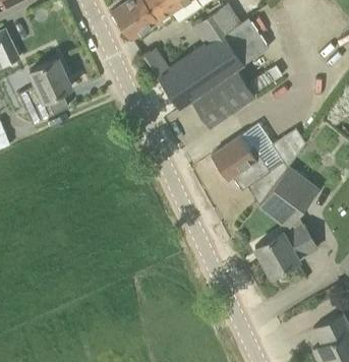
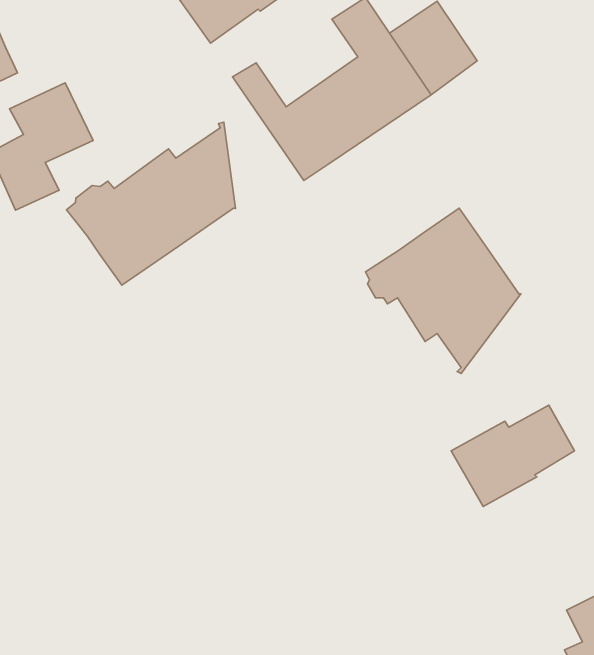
building: [191,65,282,127] -> none
building: none -> [67,122,236,285]
building: [259,167,318,229] -> none

